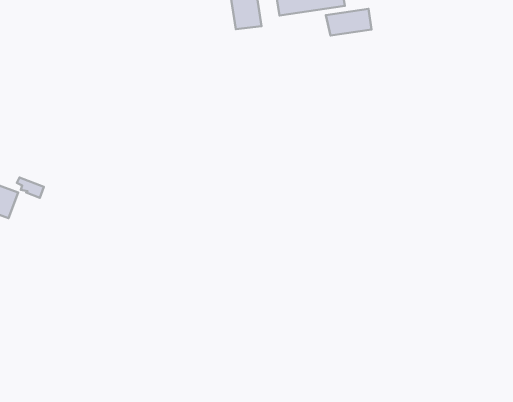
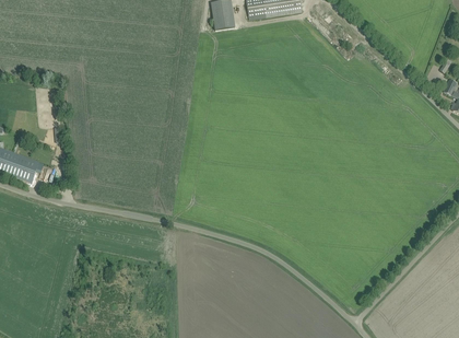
building: [326,9,372,36] -> none

